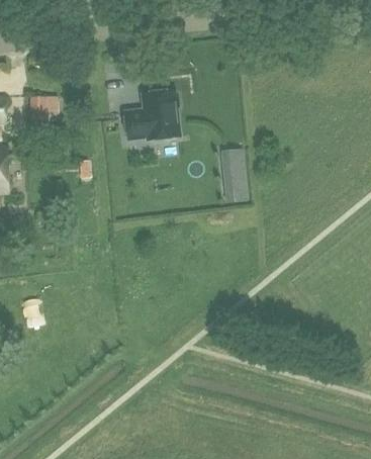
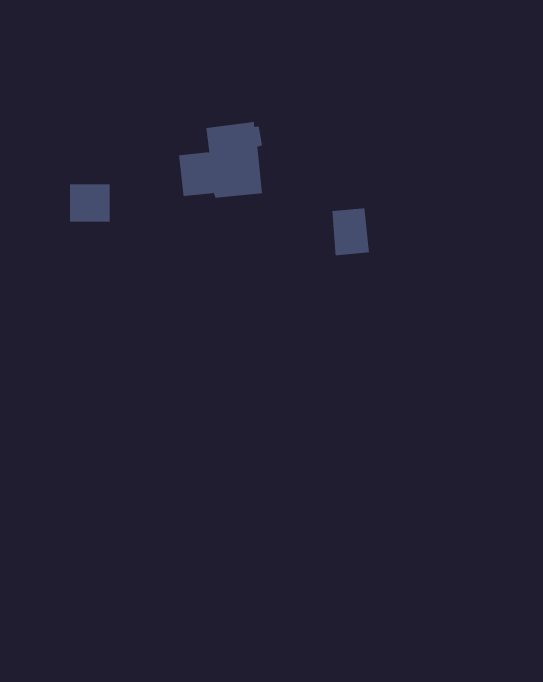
building: [29,97,56,121] -> [69,184,111,222]
building: [222,175,247,201] -> none

